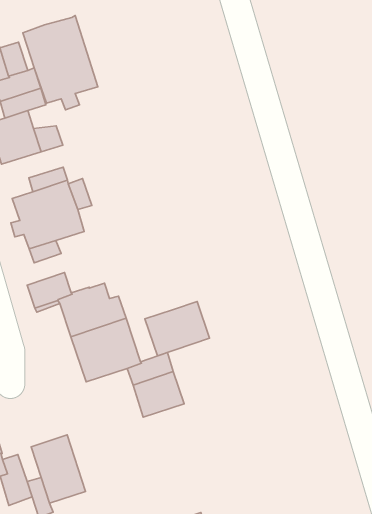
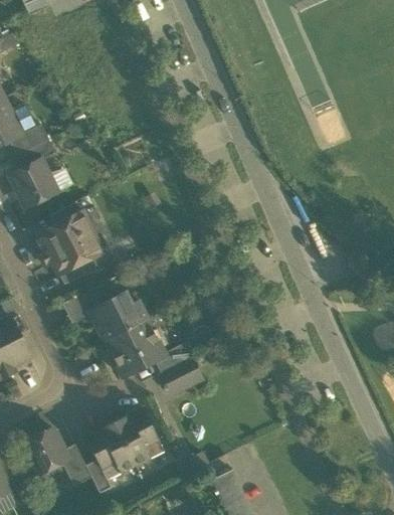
building: [23,16,98,110] -> none
building: [145,301,210,356] -> none
building: none -> [113,407,164,467]

